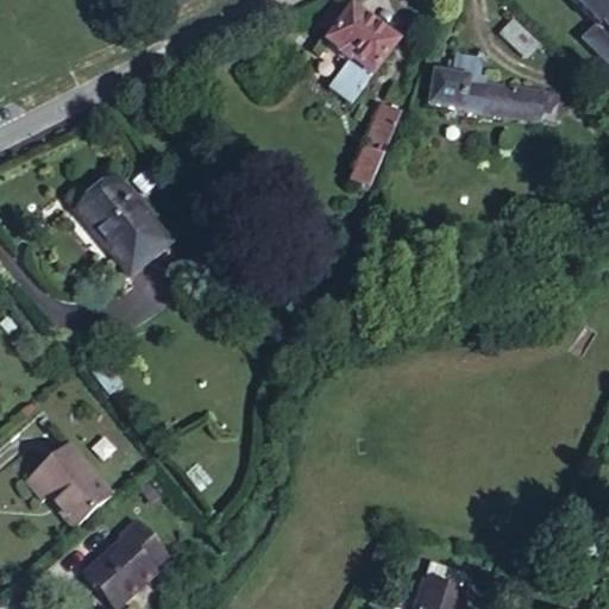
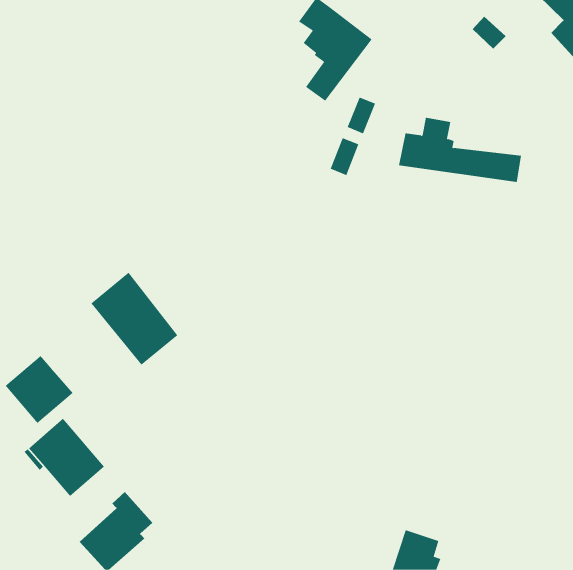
building: [427,51,558,120] -> [398,117,522,183]
building: [77,175,170,274] -> [90,272,178,365]
building: none -> [5,355,73,424]

